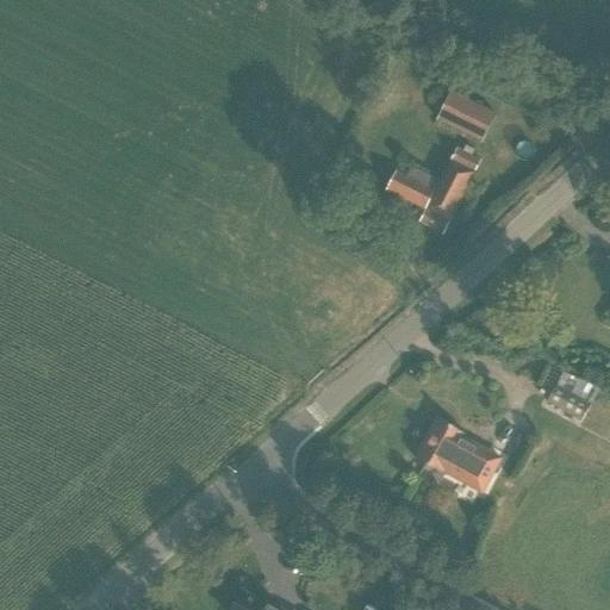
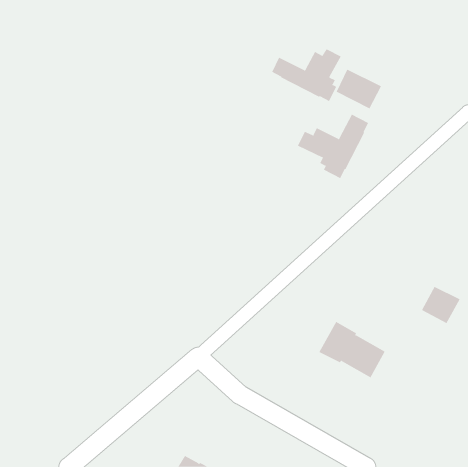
building: none -> [271,48,341,102]

